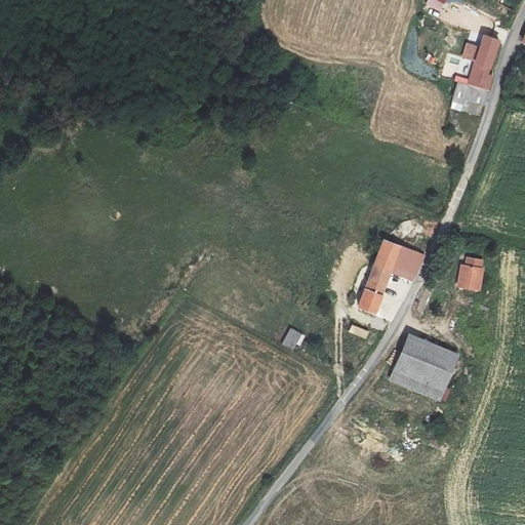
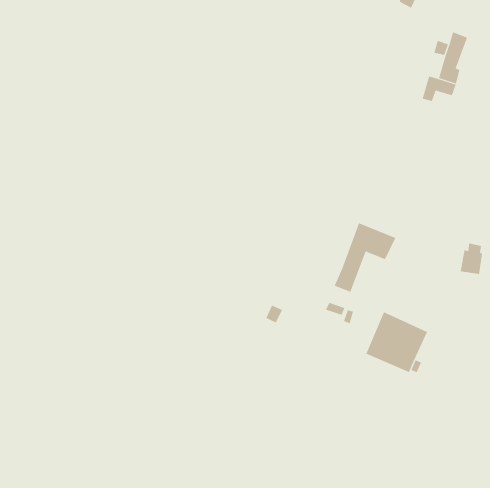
building: [458,254,483,288] -> [460,243,483,275]

